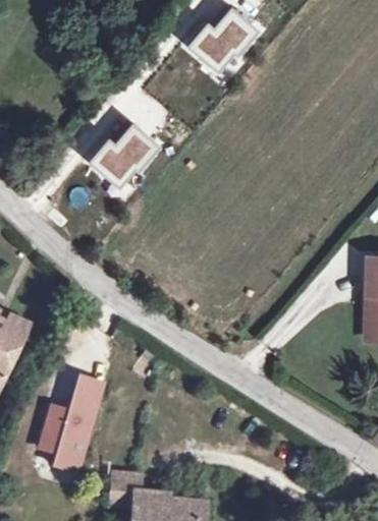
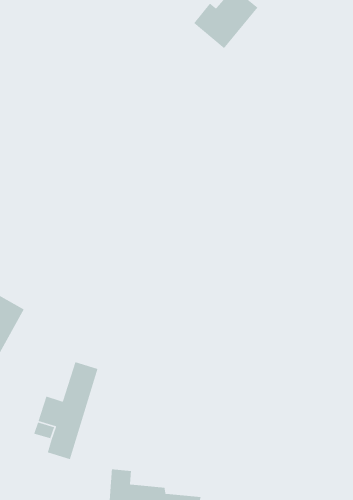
building: [97,126,163,187] -> none

